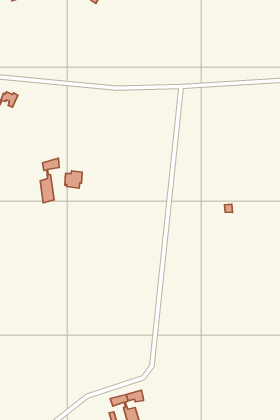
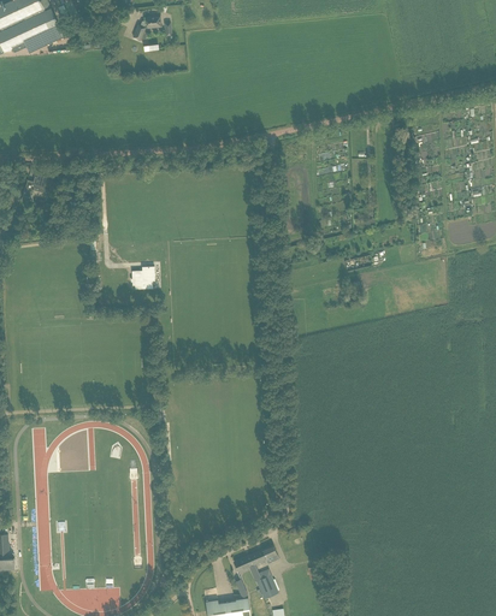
building: [40,158,59,203] -> none

